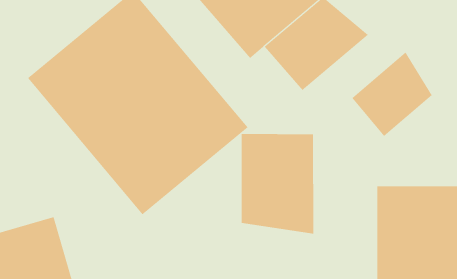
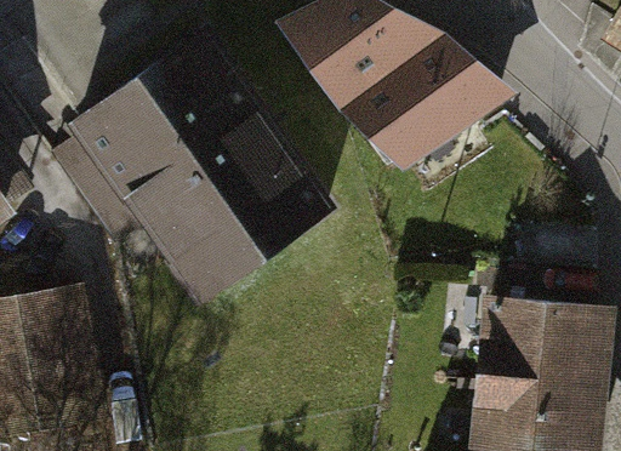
building: [351,51,433,137] -> none
building: [241,133,314,234] -> none

